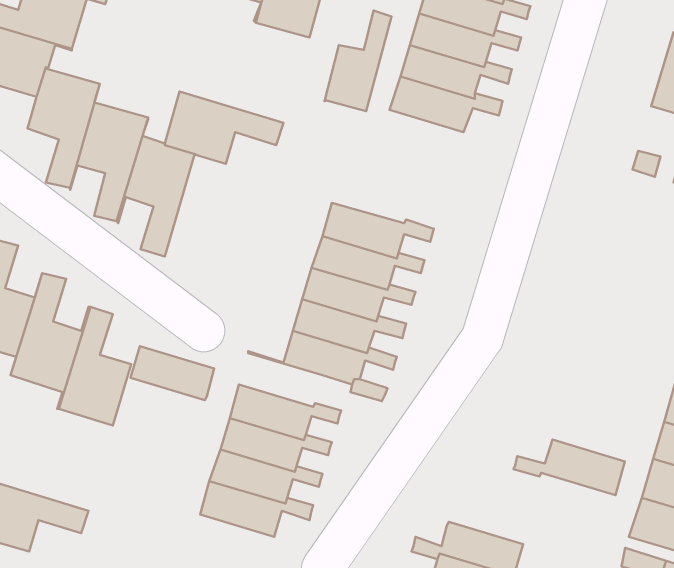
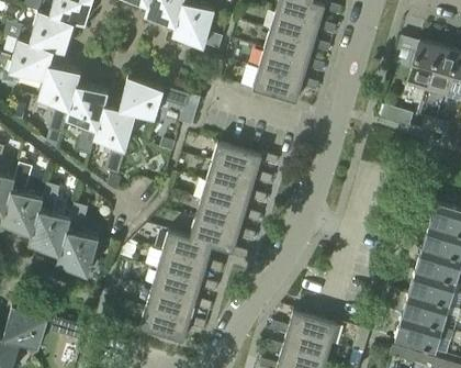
building: [325,10,391,111] -> none
building: [131,346,214,400] -> [162,233,212,265]
building: [513,439,625,495] -> [270,313,336,346]

